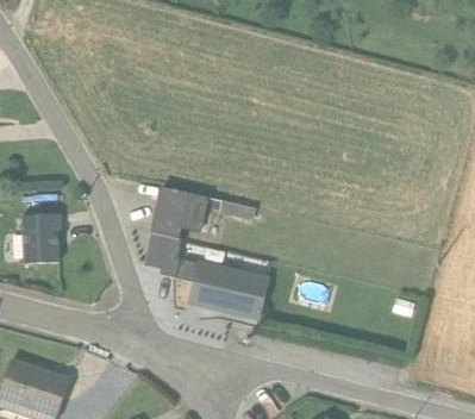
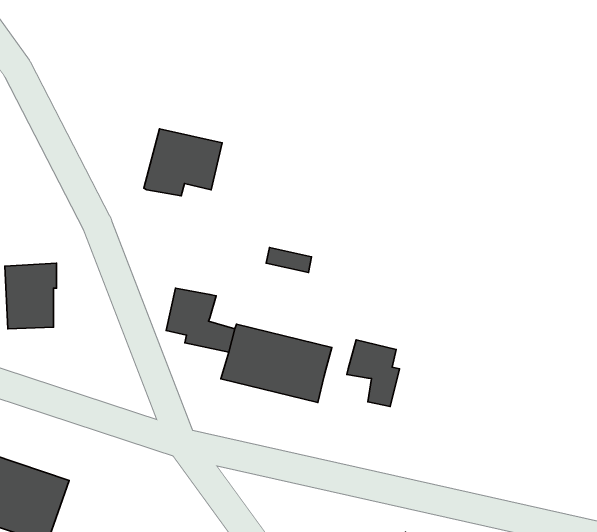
building: [149,185,208,236] -> [144,129,222,196]
building: none -> [347,340,400,406]

